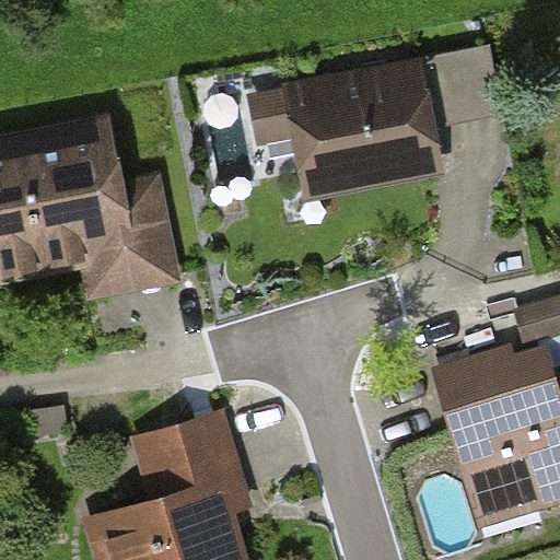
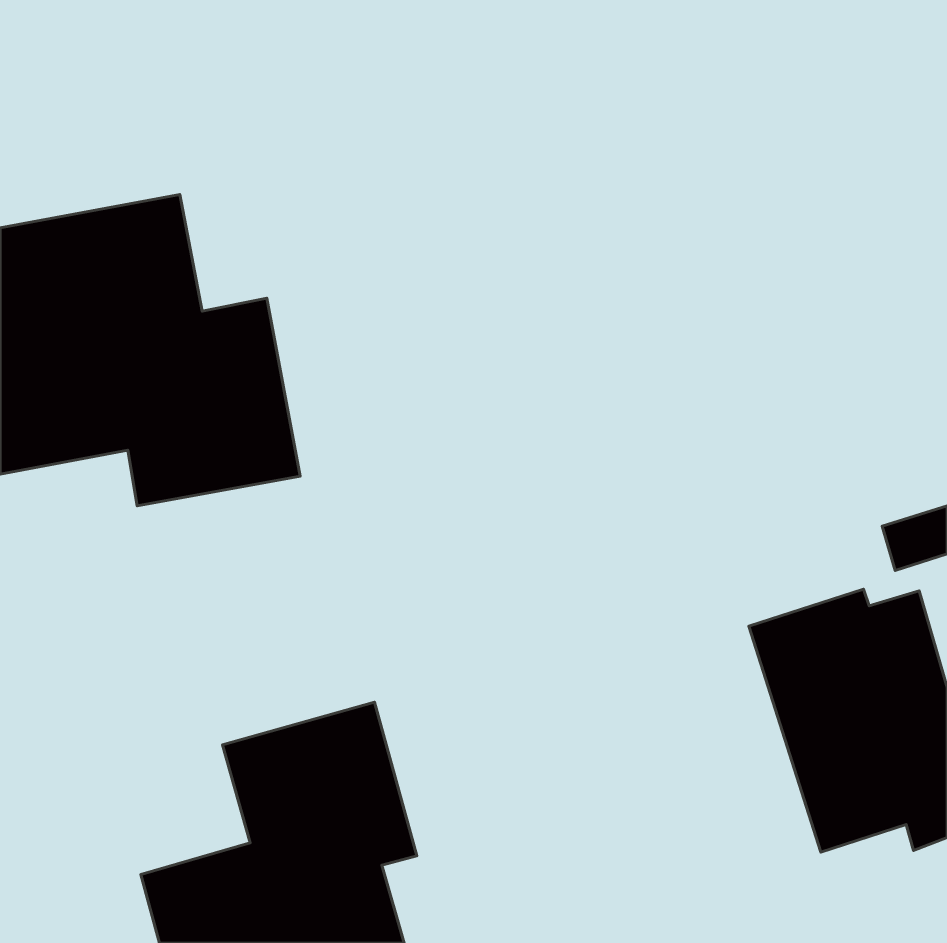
building: [250,48,499,202] -> none

